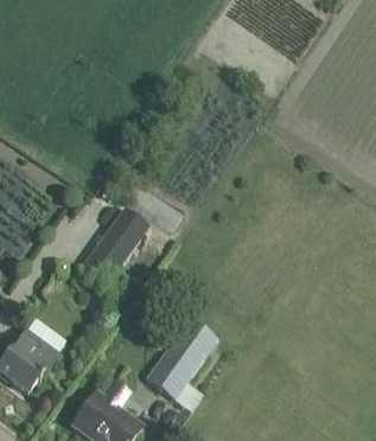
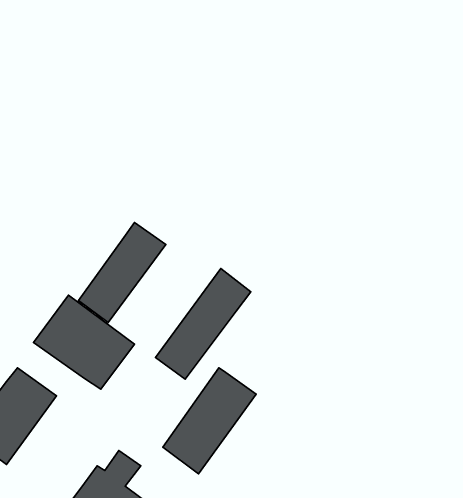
building: none -> [155,268,251,379]
building: none -> [34,295,134,389]

